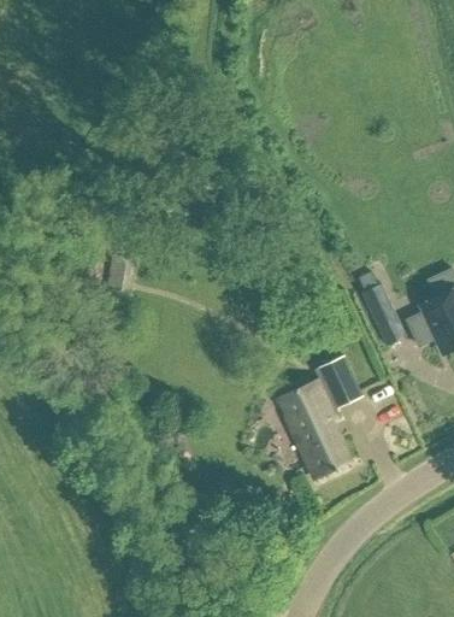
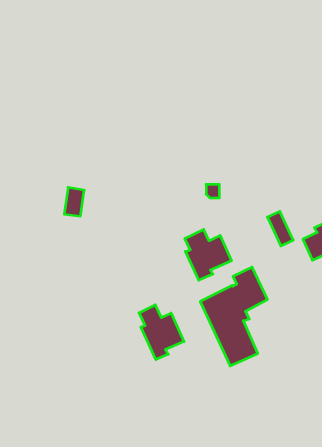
building: none -> [185,229,231,280]
building: none -> [139,305,184,360]

